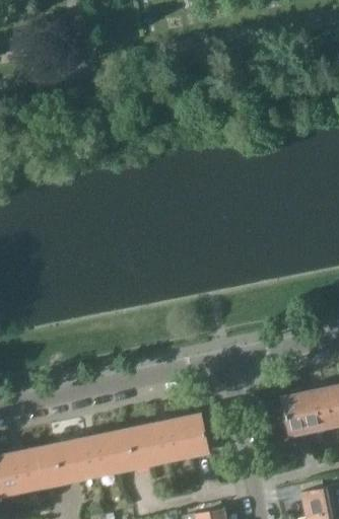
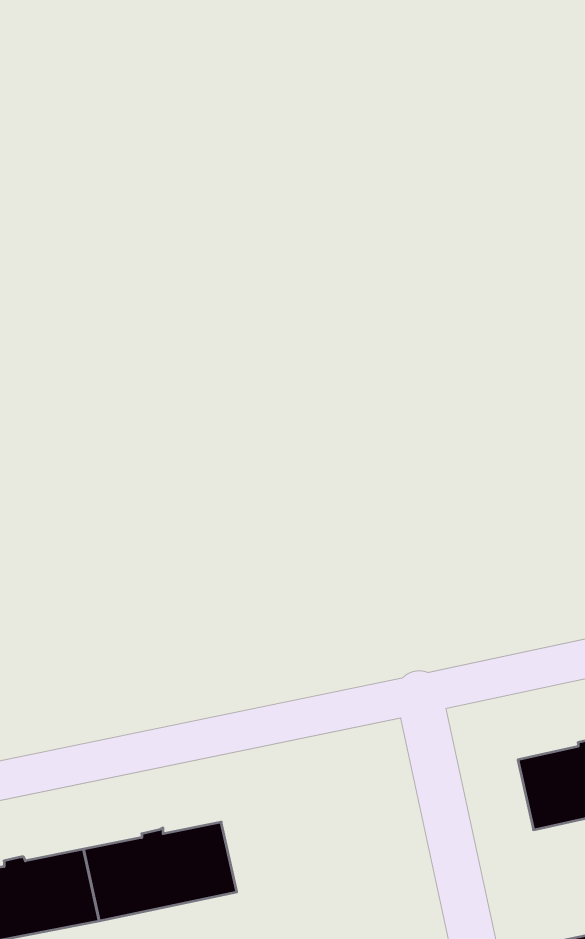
building: [126,416,208,467] -> none

